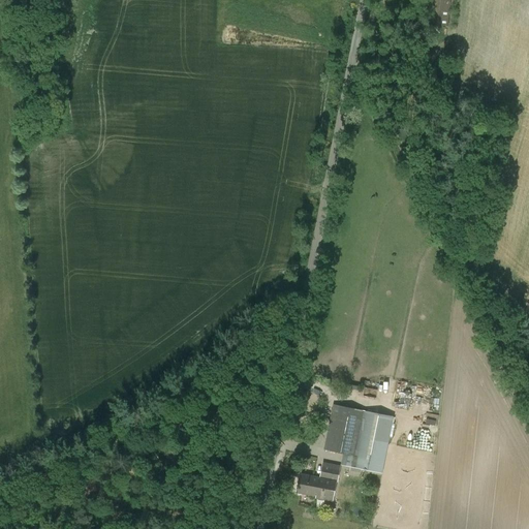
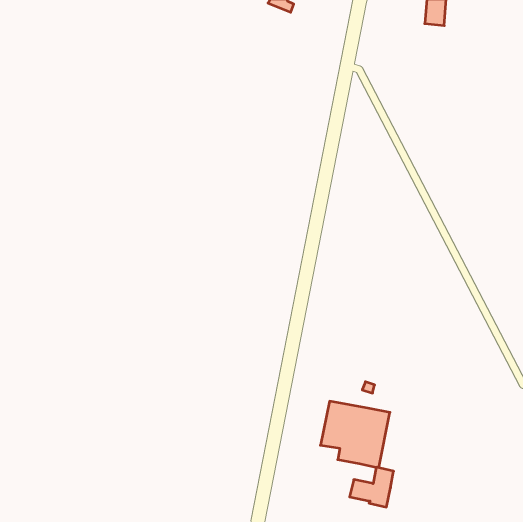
building: [295,461,340,501] -> [350,467,394,507]

